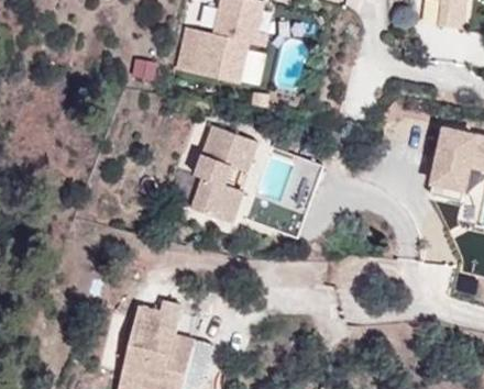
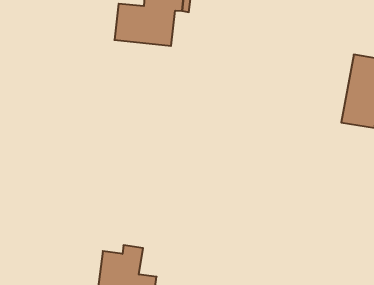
building: [192,125,257,223] -> none

